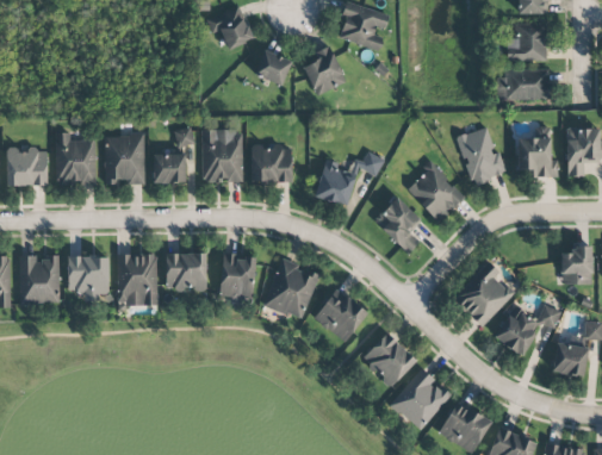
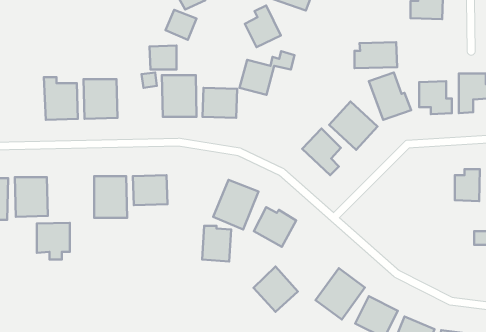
building: [254,49,292,86] -> [166,10,197,40]
building: [498,68,551,100] -> [355,42,397,68]
building: [6,147,48,185] -> none
building: [315,151,383,205] -> [239,51,295,95]
building: [153,152,186,182] -> [149,45,176,70]
building: [219,253,255,297] -> [202,226,231,262]
building: [68,255,108,300] -> [37,223,70,260]
building: [453,261,514,325] -> none
building: [494,304,561,356] -> none
building: [361,331,416,387] -> [253,266,298,312]
building: [553,343,588,375] -> none

